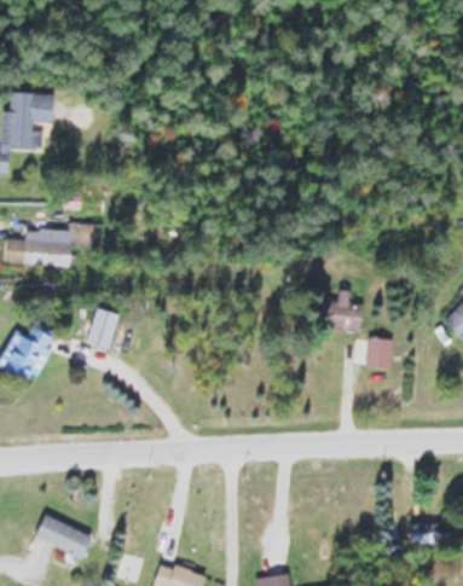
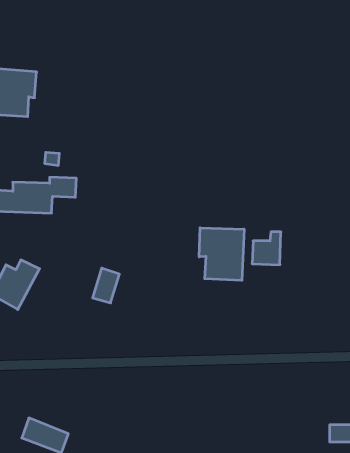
building: none -> [199,228,244,280]
building: [86,307,118,349] -> [93,268,119,303]
building: [367,340,390,366] -> none

